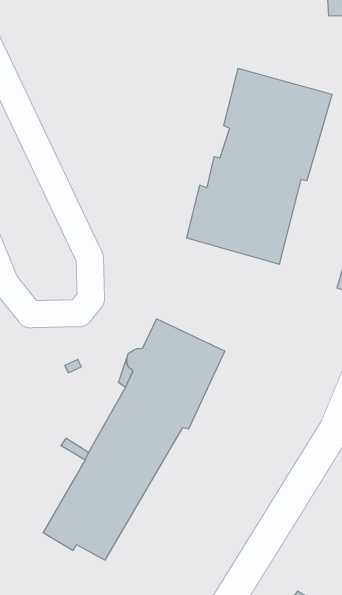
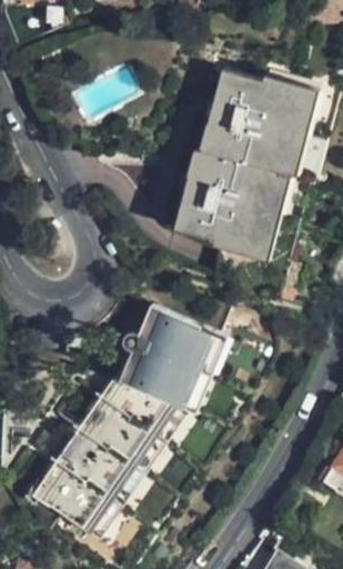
building: none -> [70,331,226,539]

